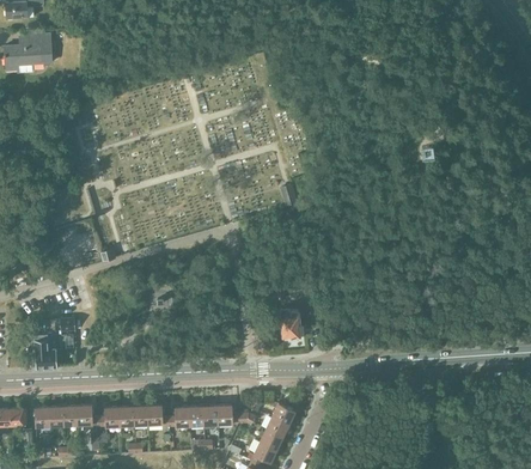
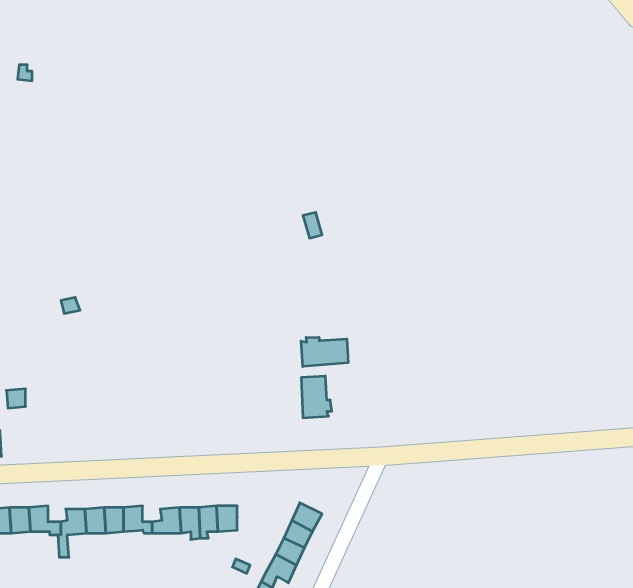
building: none -> [301,337,348,367]

